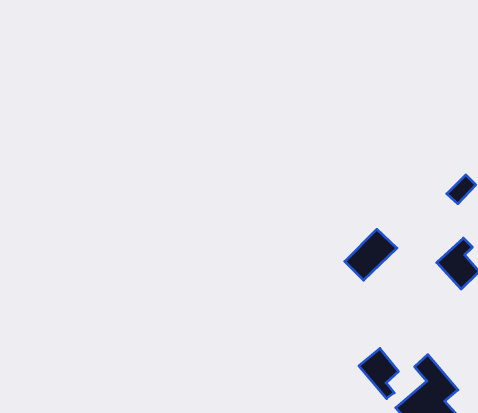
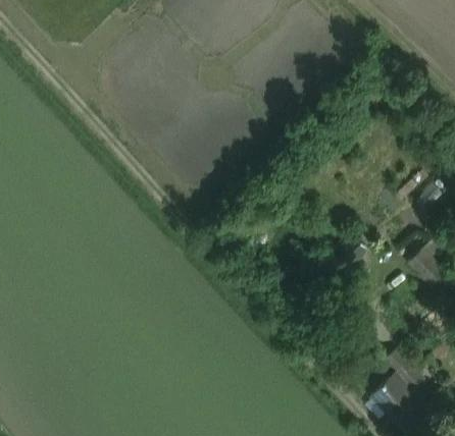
building: [359,348,398,399] -> none

